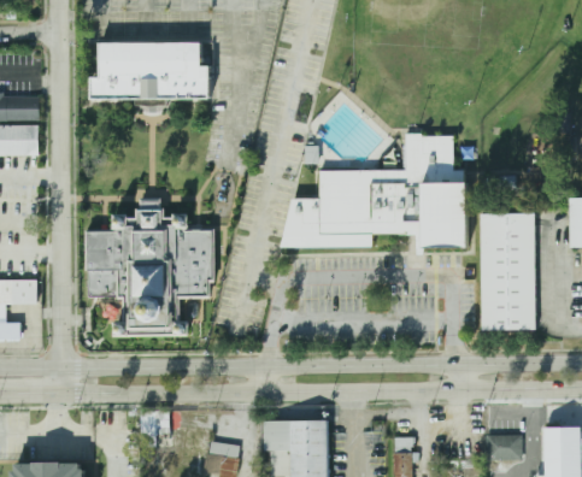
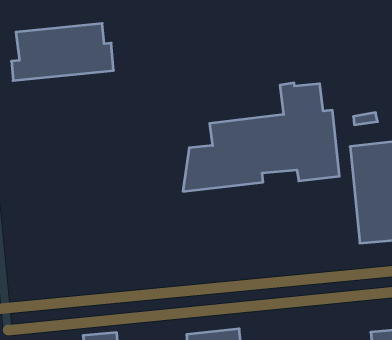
building: [80,196,207,336] -> none

